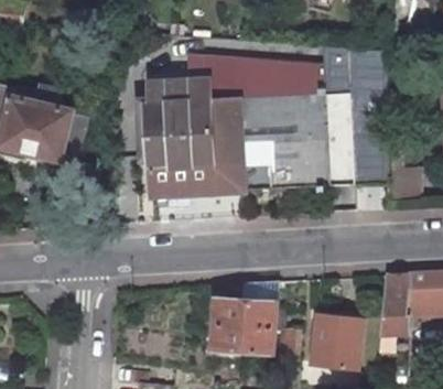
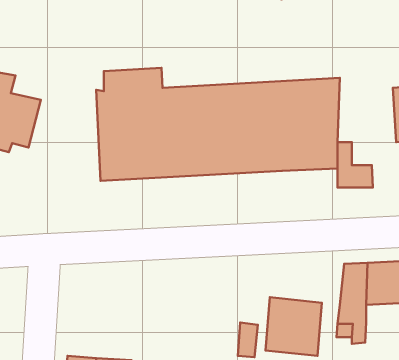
building: [204,50,382,101] -> none
building: [212,283,280,358] -> none

